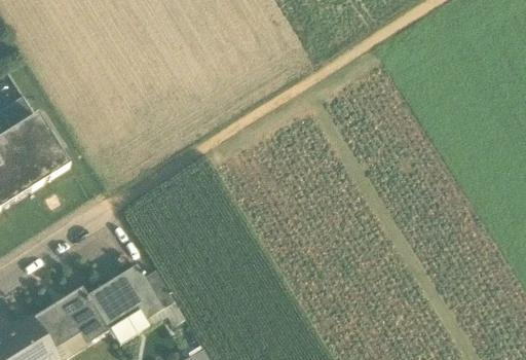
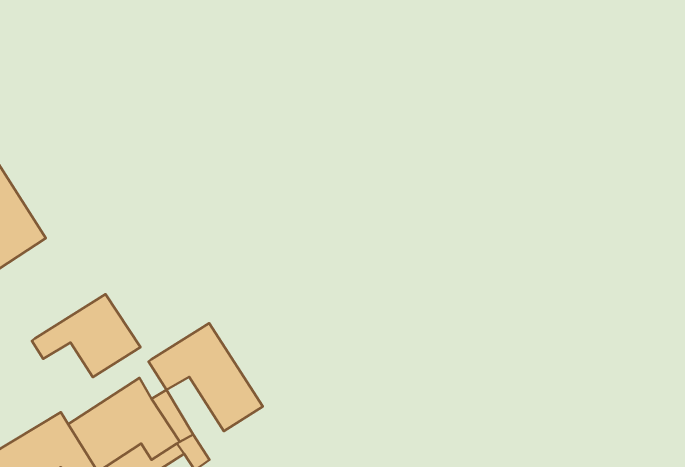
building: none -> [32,294,141,377]
building: none -> [149,323,263,431]

